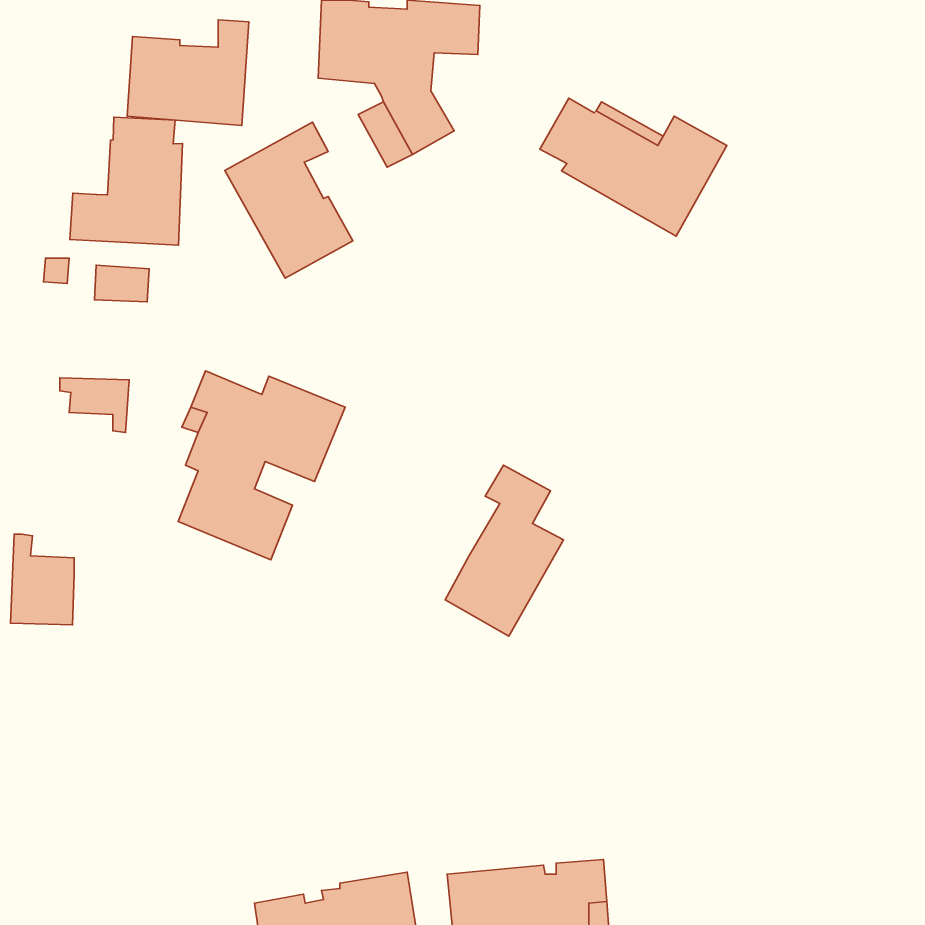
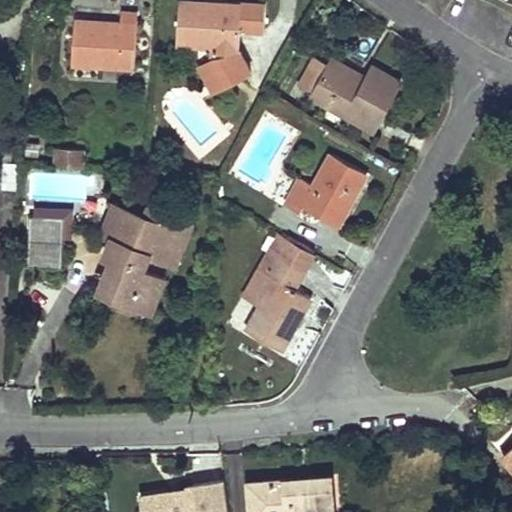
building: [70,117,183,245] -> none
building: [225,122,353,278] -> none
building: none -> [285,155,365,226]
building: none -> [242,235,313,308]
building: [11,534,74,625] -> [27,217,62,267]

